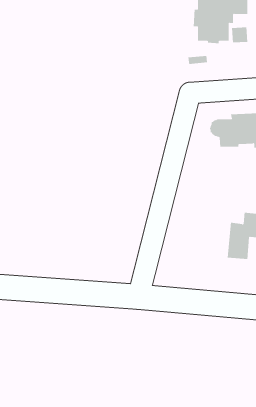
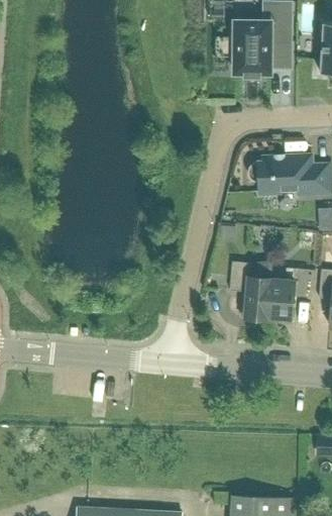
building: none -> [230,262,272,319]

